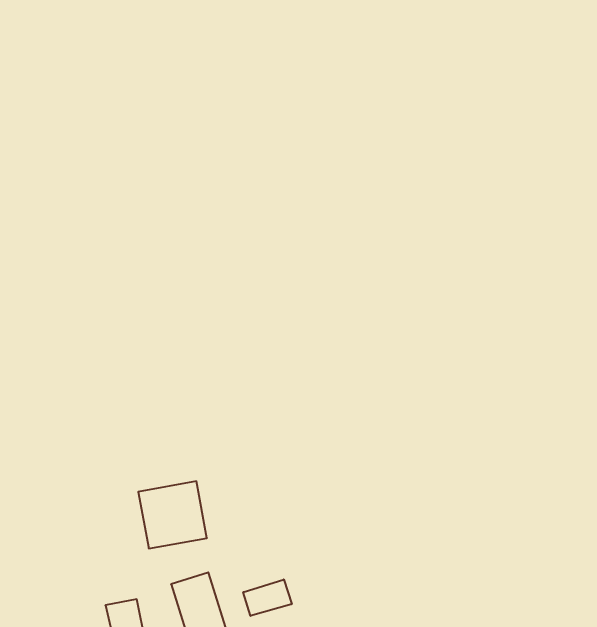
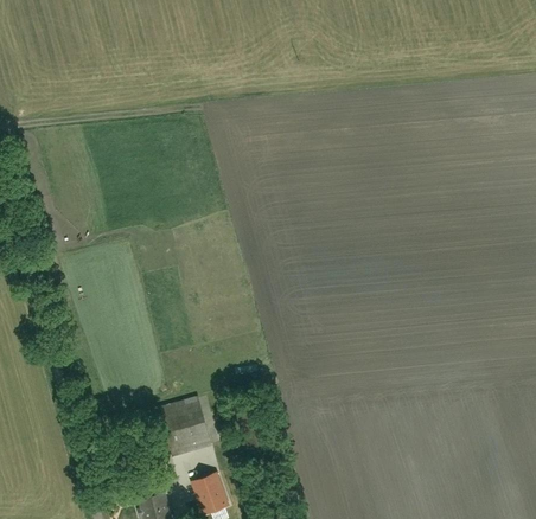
building: [243,579,292,616] -> none

